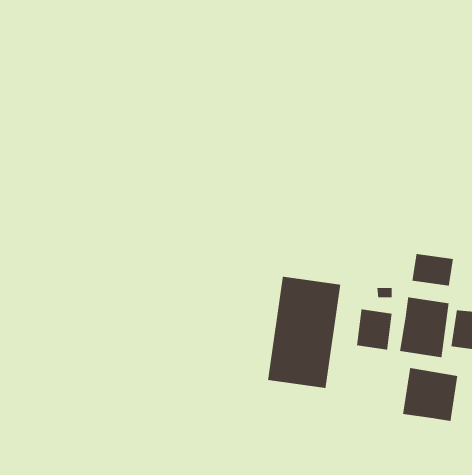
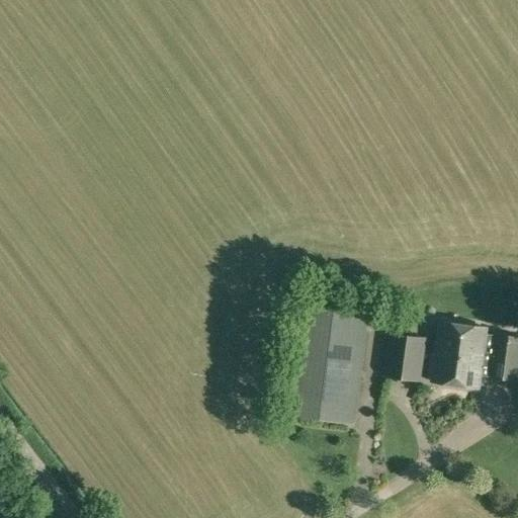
building: [411,253,454,287] -> none
building: [402,367,458,422] -> none

